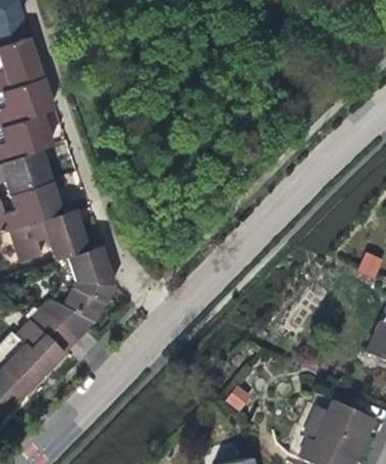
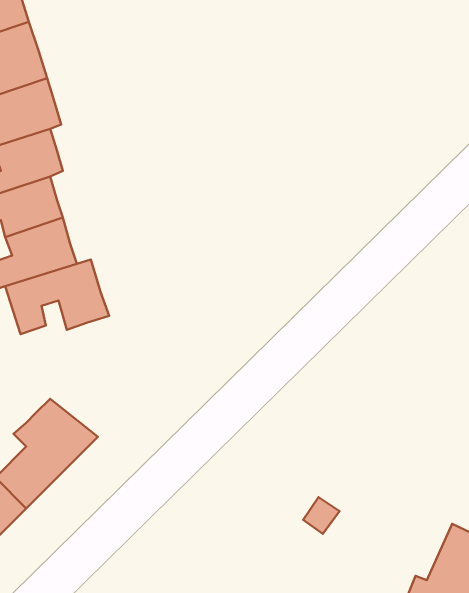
building: [42,245,114,337] -> none

